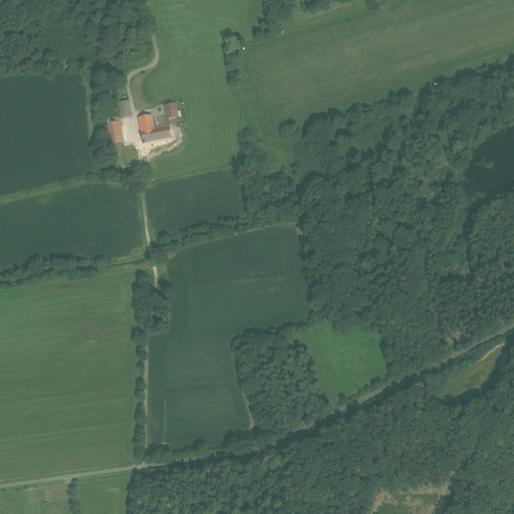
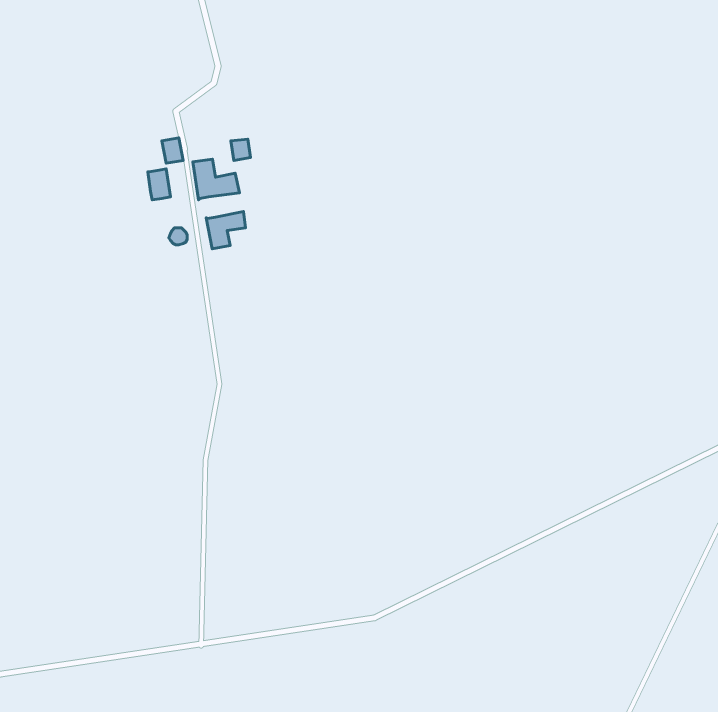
building: none -> [206,211,246,249]

